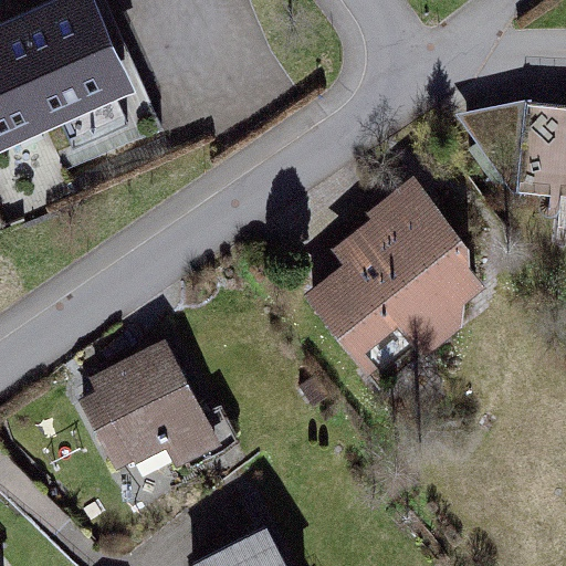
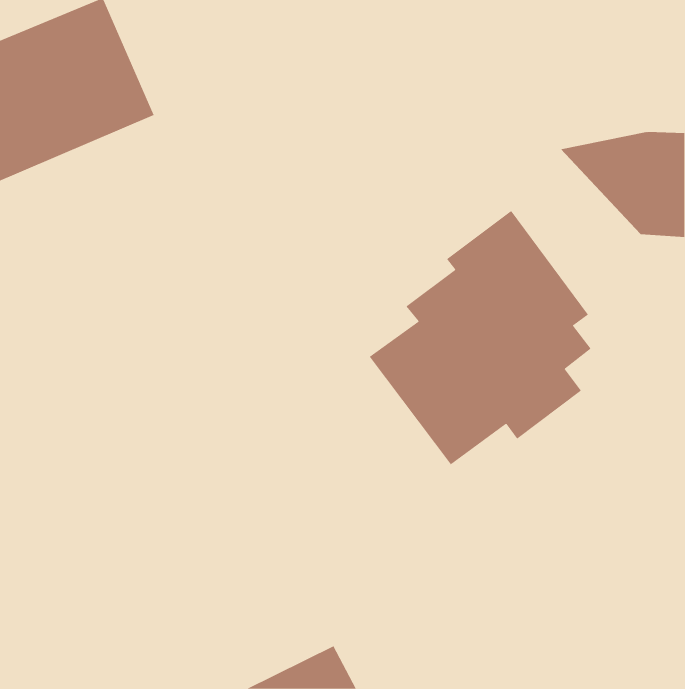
building: [88,342,218,469] -> none

